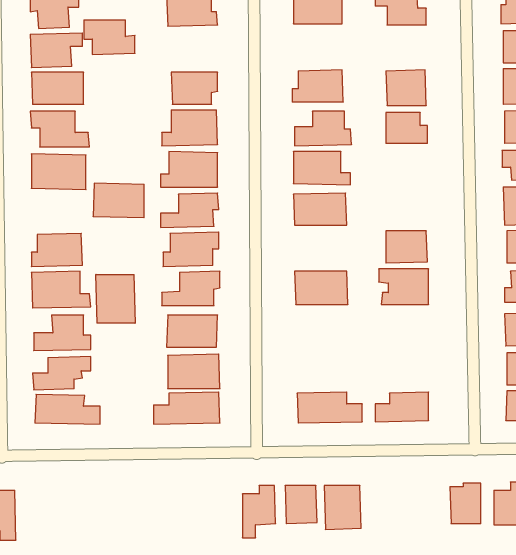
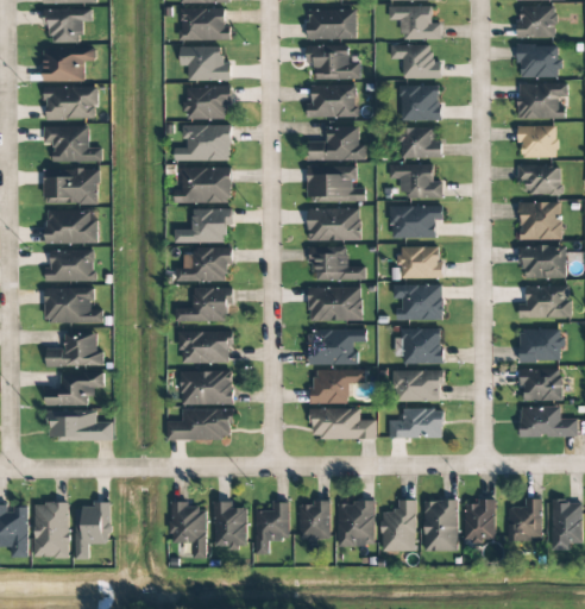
building: [84,20,135,54] -> [180,46,231,81]
building: none -> [306,44,360,80]
building: none -> [390,44,441,79]
building: none -> [389,164,442,199]
building: [93,183,144,218] -> [45,209,96,244]
building: none -> [390,206,442,238]
building: none -> [310,246,365,280]
building: [96,274,135,323] -> none
building: none -> [308,328,365,364]
building: none -> [402,328,442,364]
building: none -> [312,369,365,403]
building: none -> [394,370,441,401]
building: none -> [382,500,416,551]
building: none -> [423,500,457,551]
building: none -> [34,502,69,558]
building: none -> [75,502,111,559]
building: none -> [170,502,207,558]
building: none -> [214,502,247,547]

